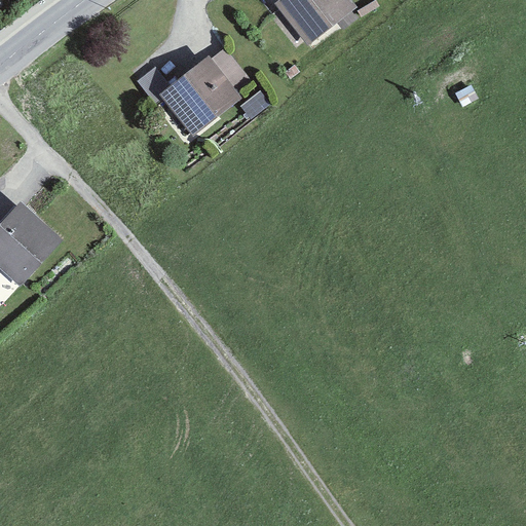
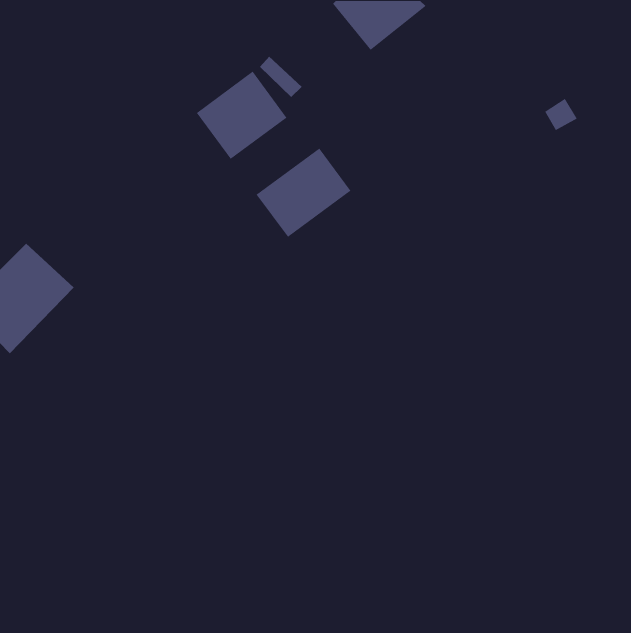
building: none -> [256,147,352,238]

